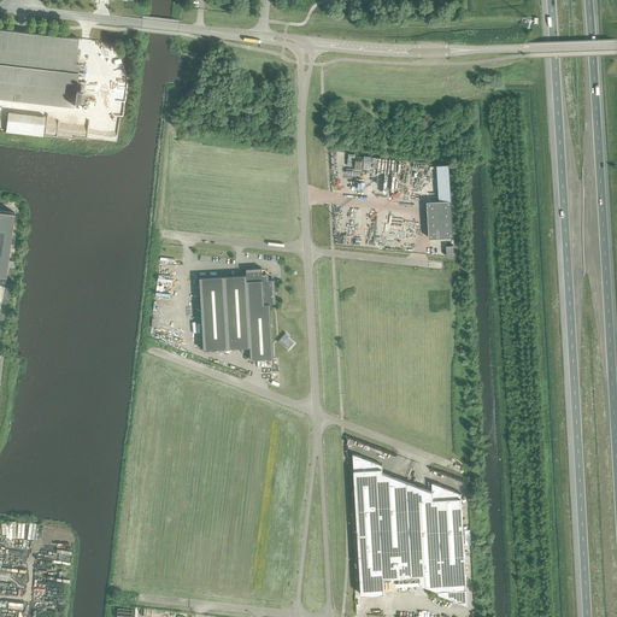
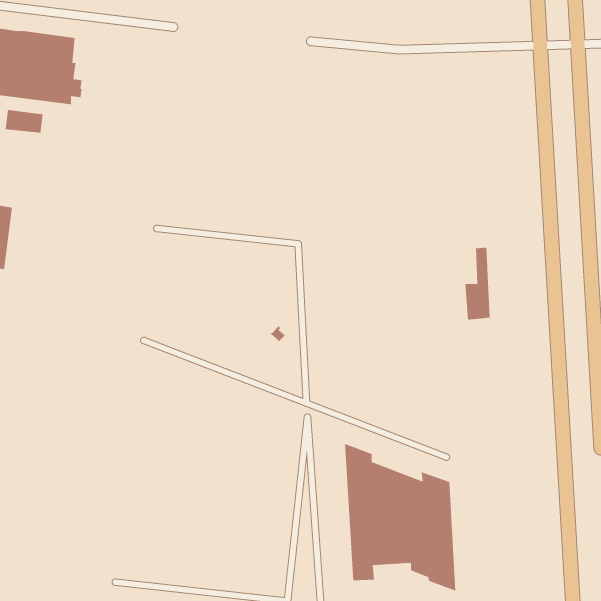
building: [425,165,452,240] -> [465,247,491,320]
building: [198,269,275,360] -> none

